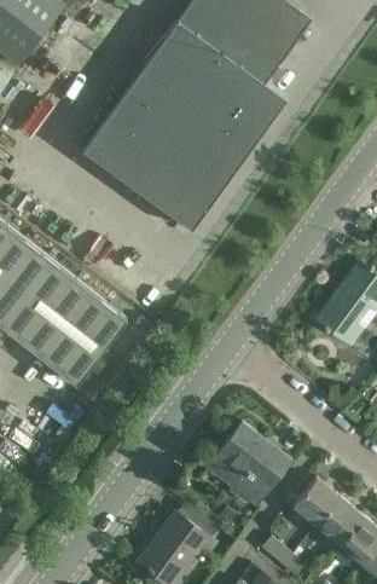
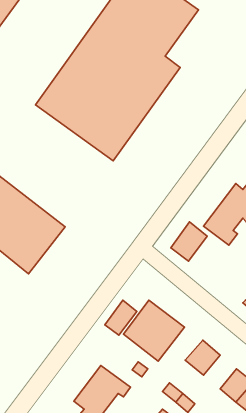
building: none -> [171,222,207,261]
building: none -> [105,300,137,335]
building: [317,497,362,544] -> none

